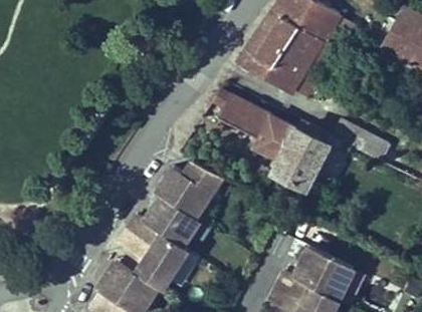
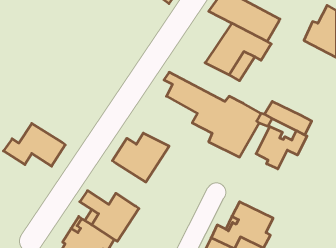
building: [240,19,298,79] -> none
building: none -> [256,126,307,169]
building: [130,197,202,247] -> [3,123,65,166]

